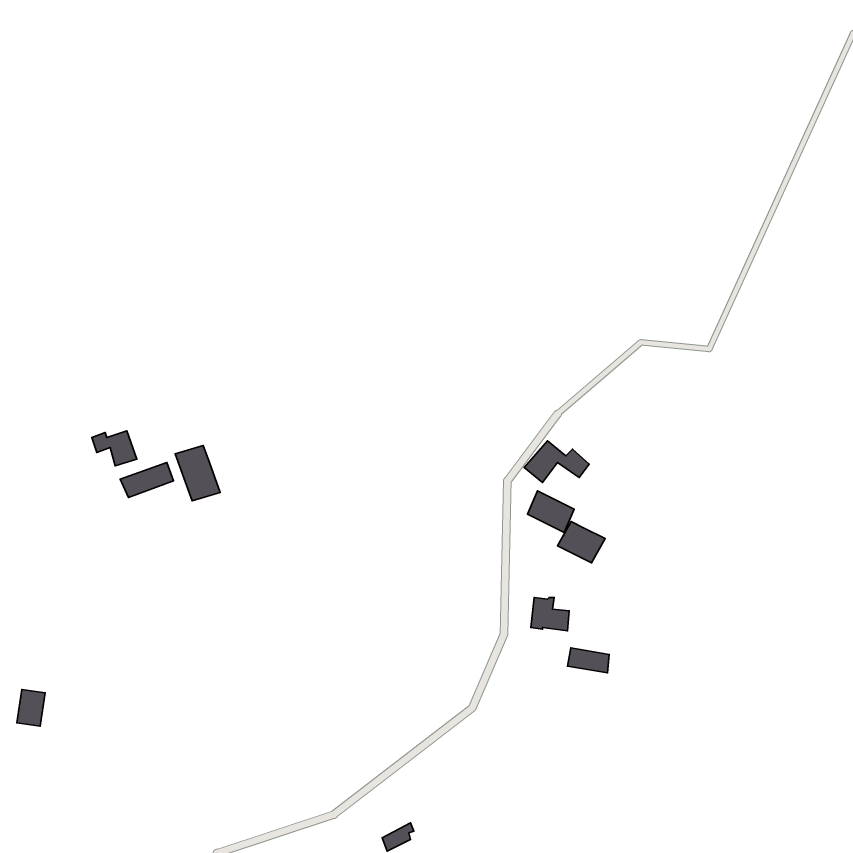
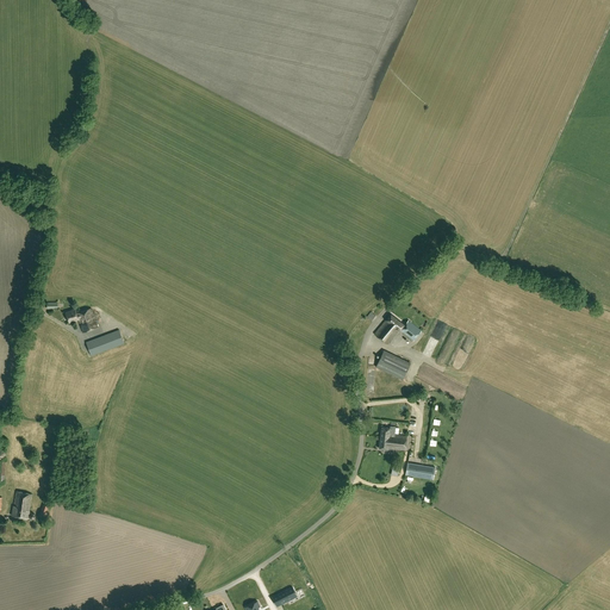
building: [175,445,220,501] -> none
building: [558,522,605,563] -> none

